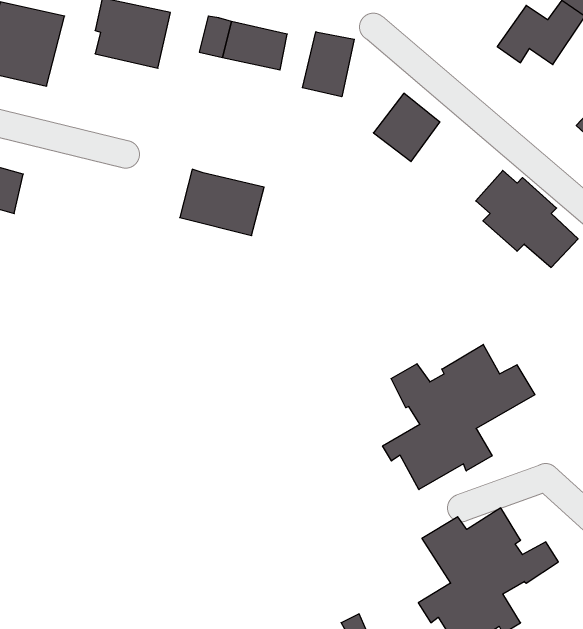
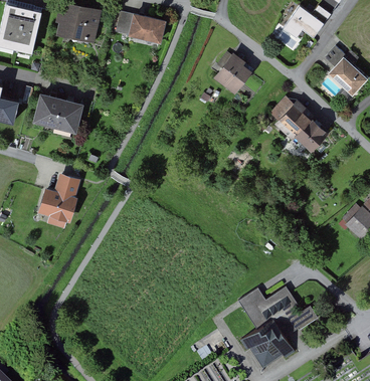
building: [302,32,354,97] -> none
building: [180,169,264,236] -> [34,93,81,131]
building: none -> [39,173,78,226]
building: [383,344,535,490] -> none

